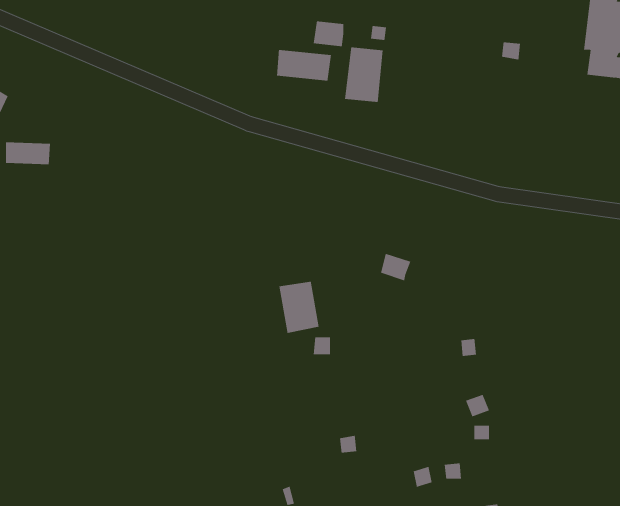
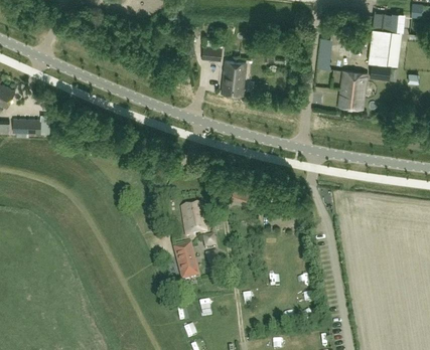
building: [277,49,331,81] -> none
building: none -> [337,69,366,109]
building: none -> [173,245,197,282]

